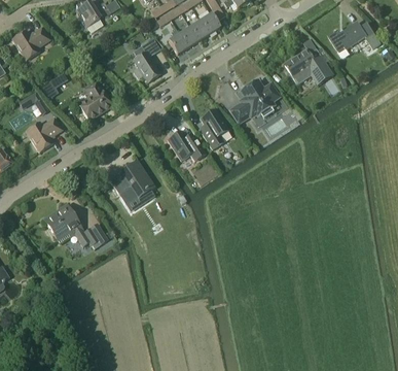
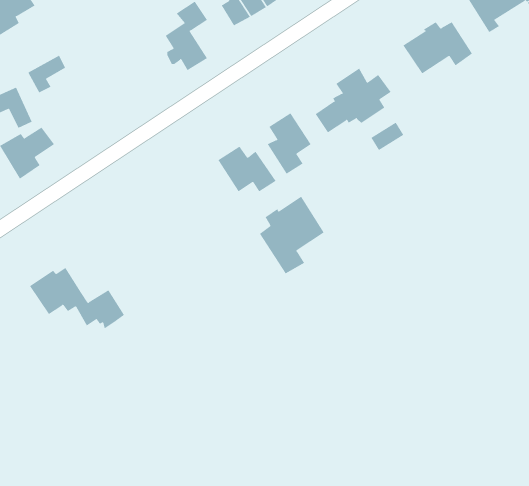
building: [80,82,112,120] -> none
building: [110,161,154,203] -> none
building: none -> [259,196,325,274]

